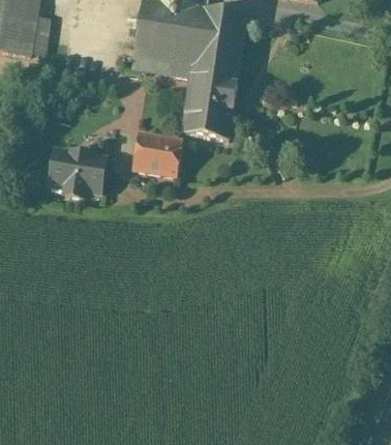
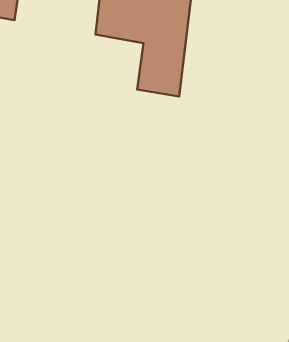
building: [128,135,181,180] -> none
building: [49,143,110,196] -> none

